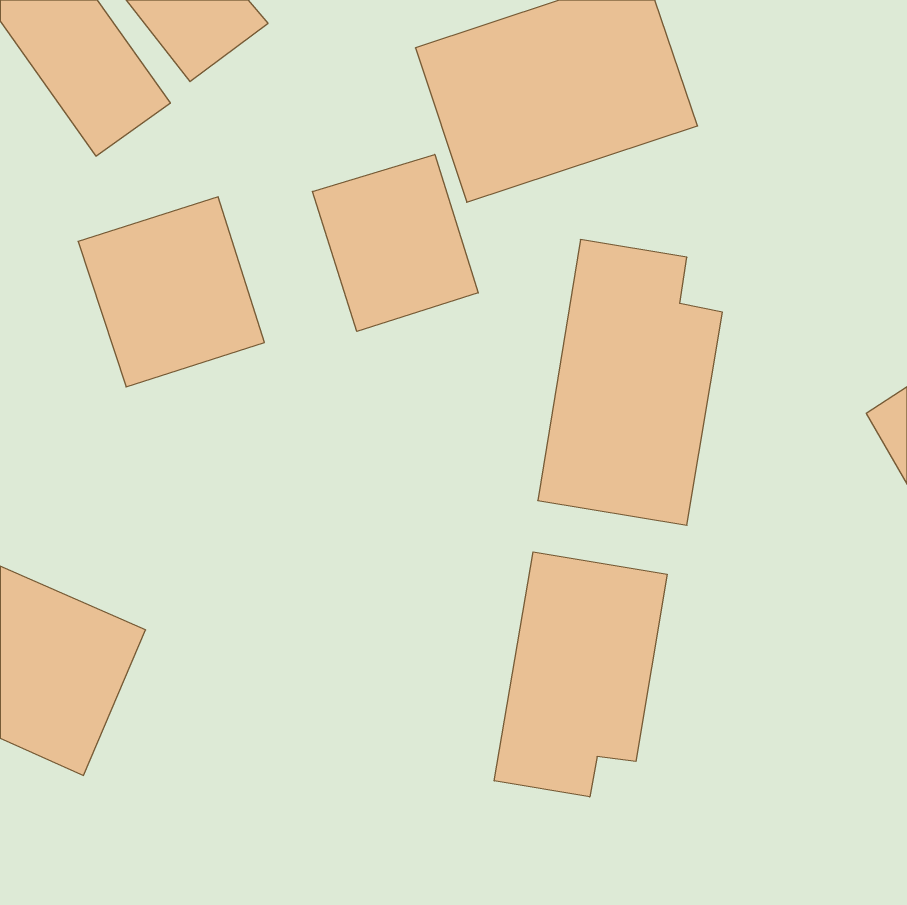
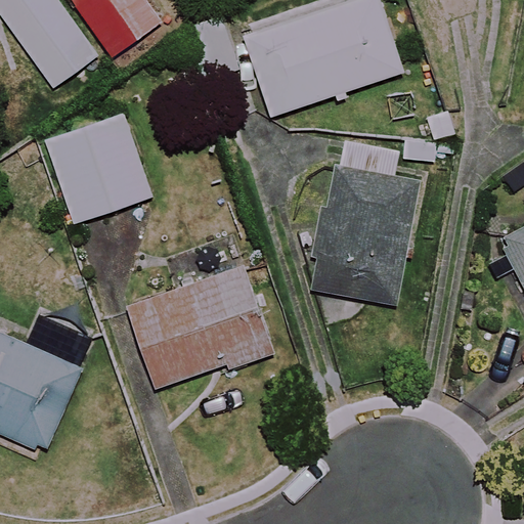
building: [312,154,478,331] -> none
building: none -> [123,265,273,389]
building: [494,552,667,797] -> none

